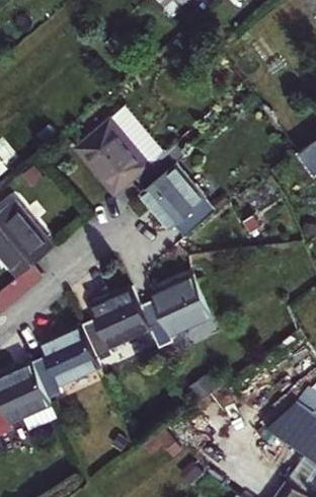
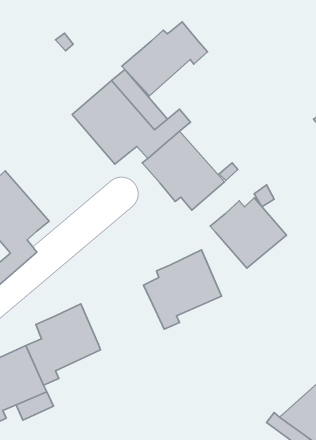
building: none -> [122,22,207,96]
building: none -> [210,198,286,268]
building: [82,287,151,361] -> none

